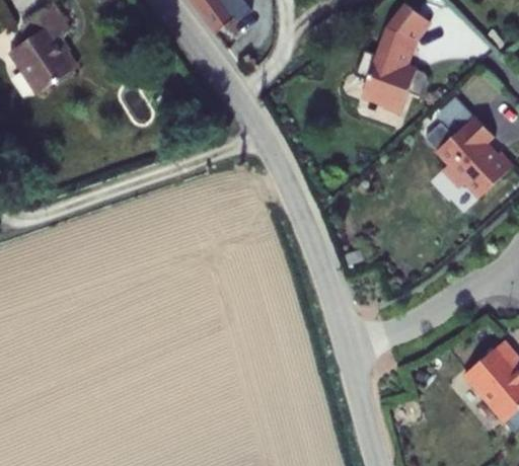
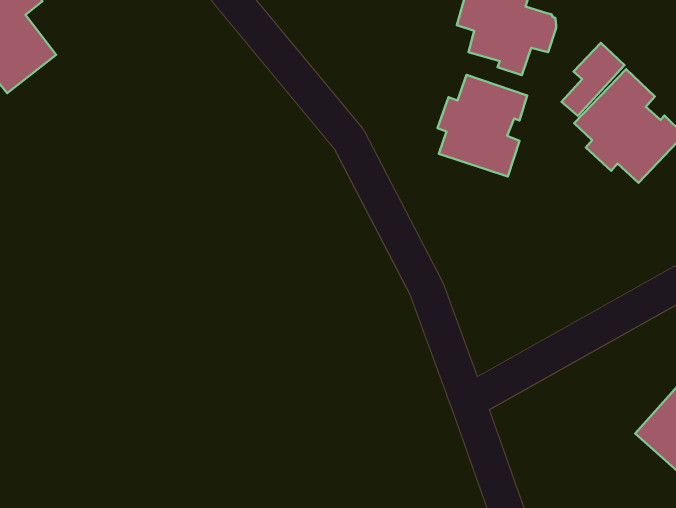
building: none -> [438,75,527,176]

